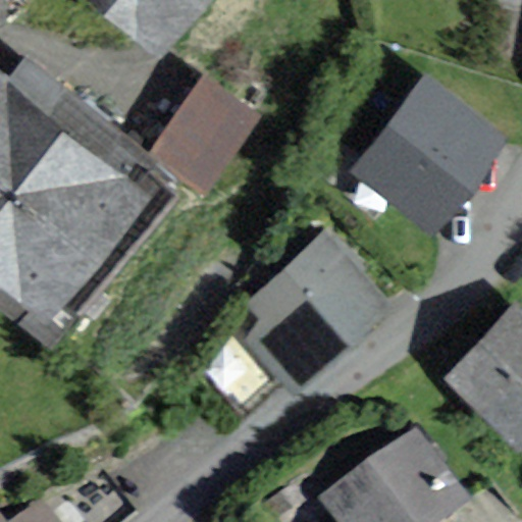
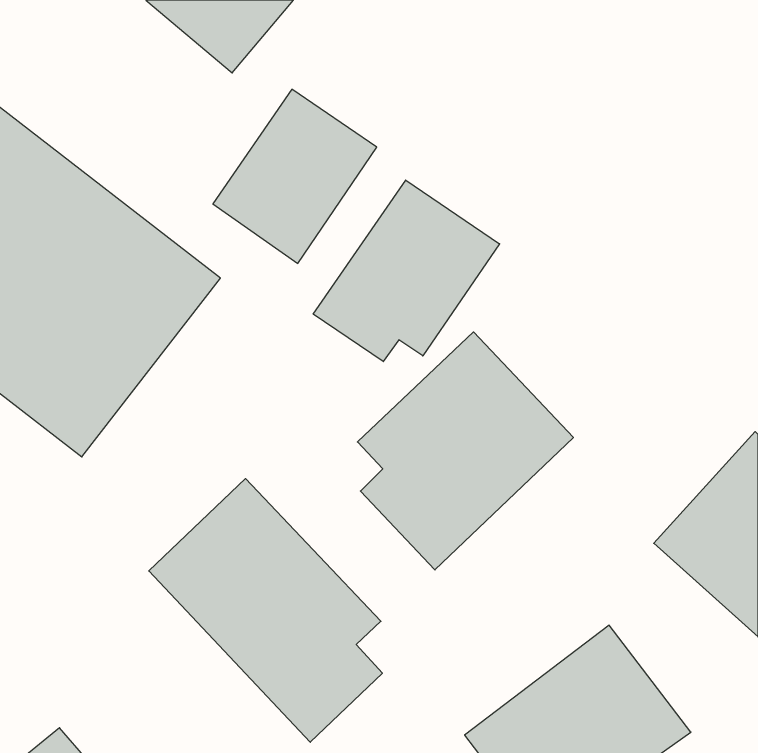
building: [351,70,513,233] -> none
building: none -> [313,180,500,362]
building: none -> [149,479,382,742]

